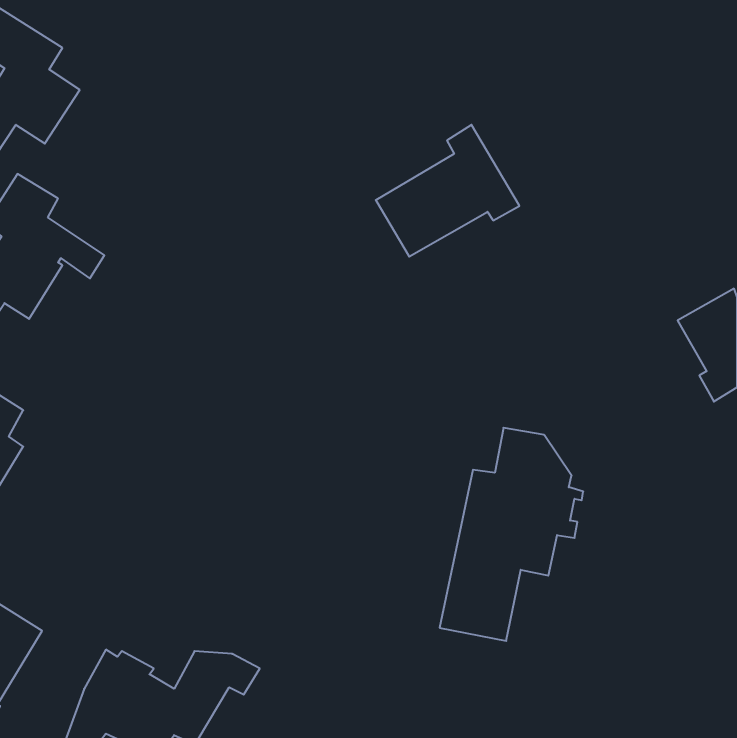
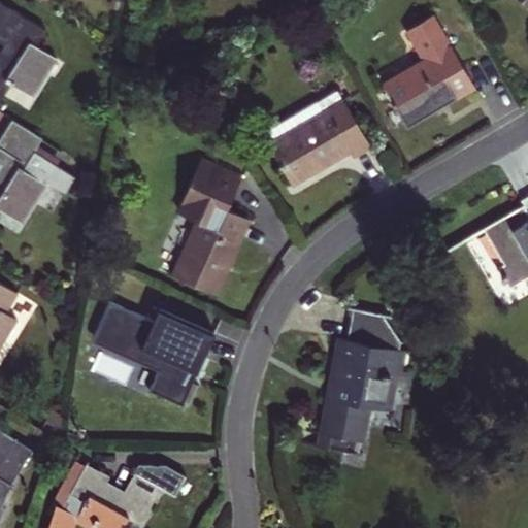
building: none -> [381,16,471,126]
building: none -> [171,159,250,295]
building: none -> [94,304,214,408]

